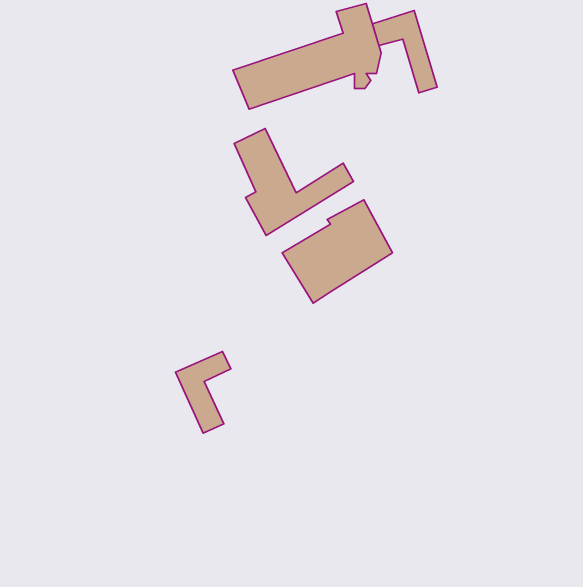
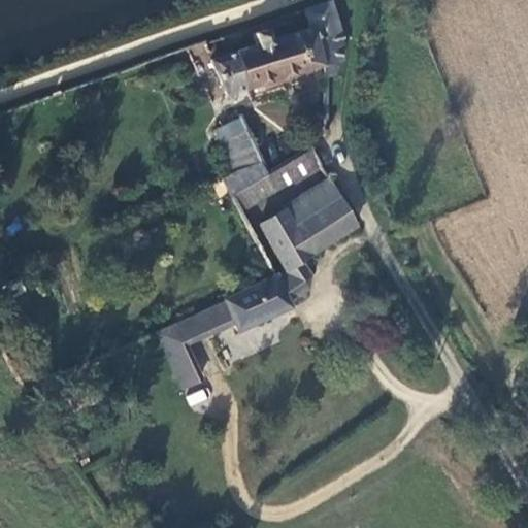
building: [372,10,437,93] -> none
building: none -> [201,262,309,331]

